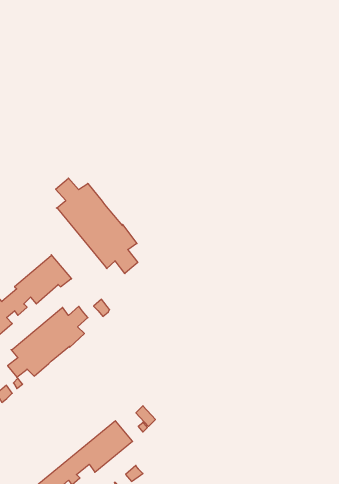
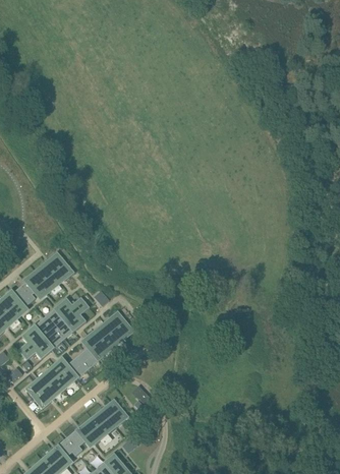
building: [56,178,138,274] -> none
building: none -> [24,310,134,409]

